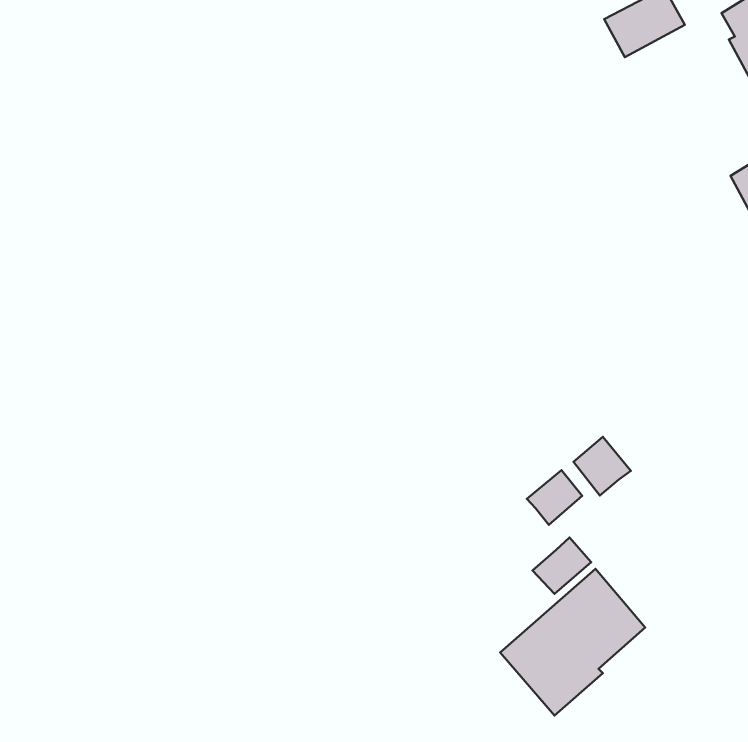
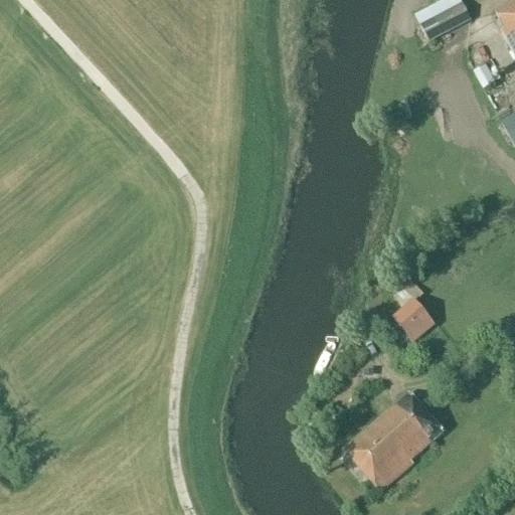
building: [527,470,582,525] -> none
building: [532,537,591,594] -> none

